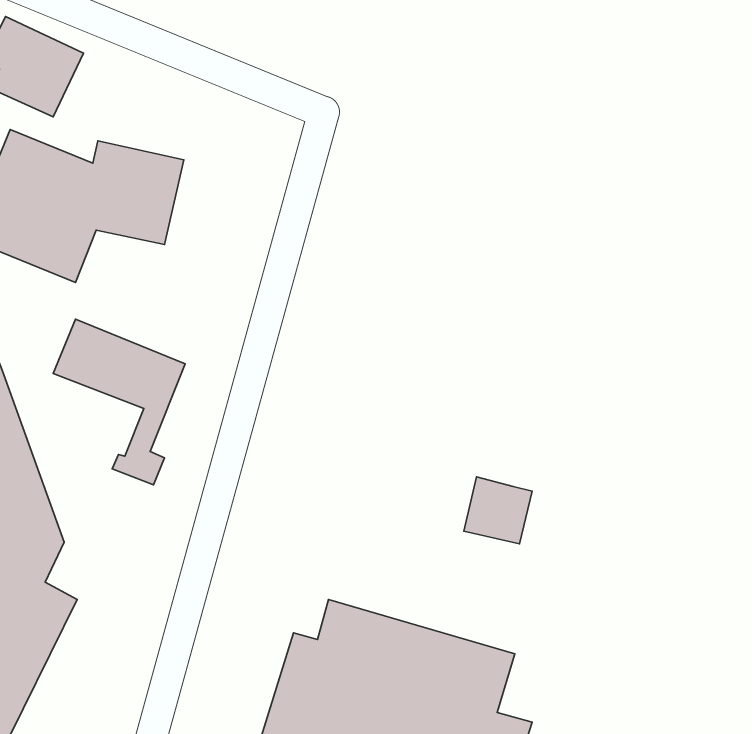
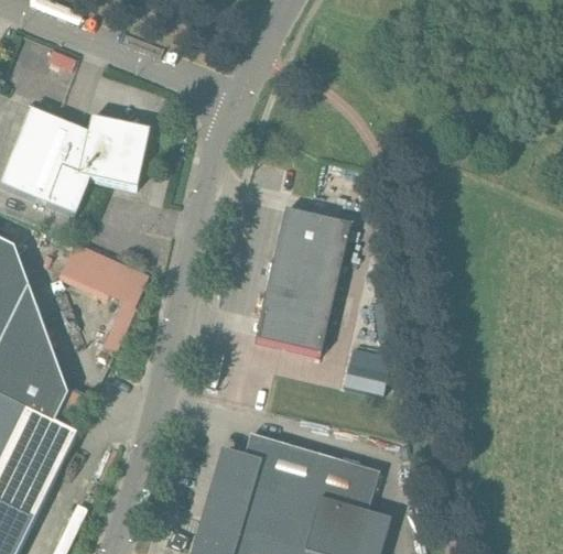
building: none -> [255,207,350,354]

